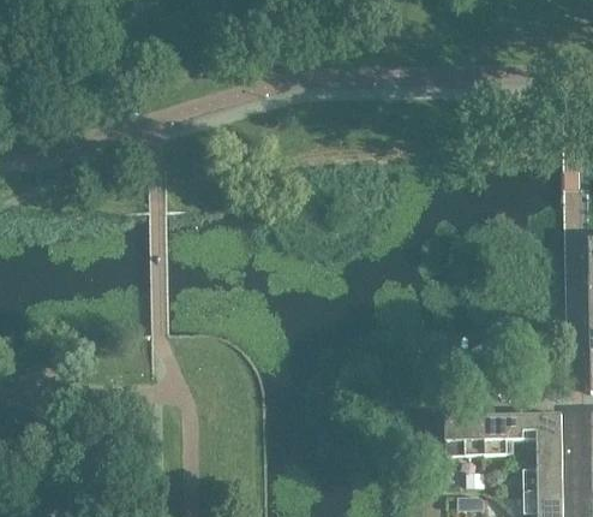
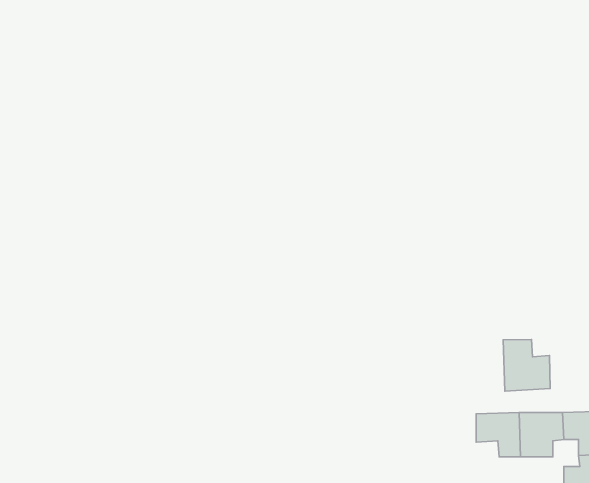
building: none -> [503,340,550,391]

